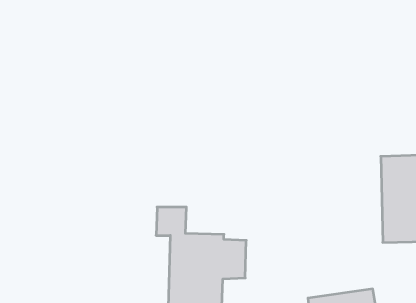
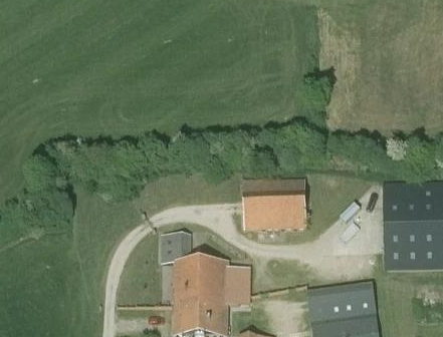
building: none -> [242,179,306,230]
building: none -> [306,284,376,323]

